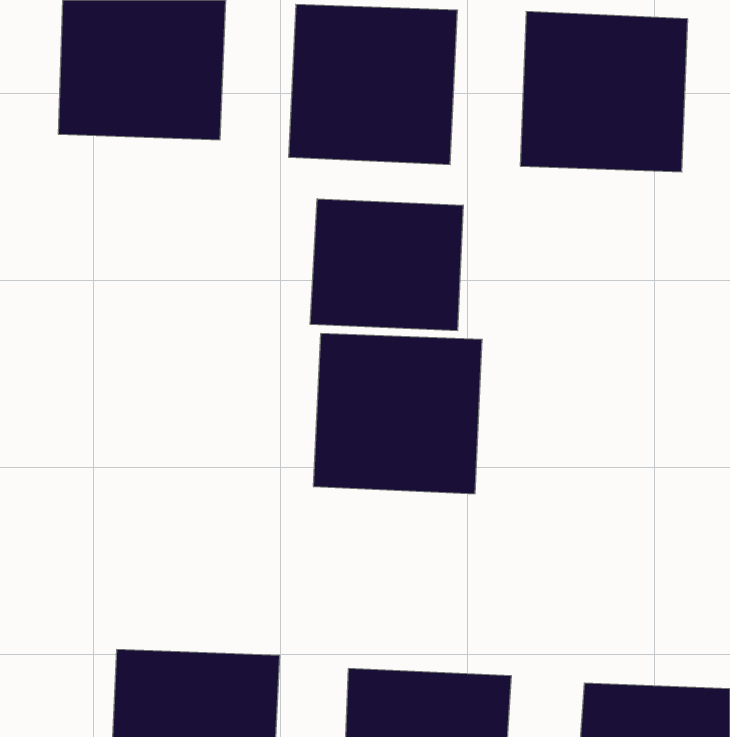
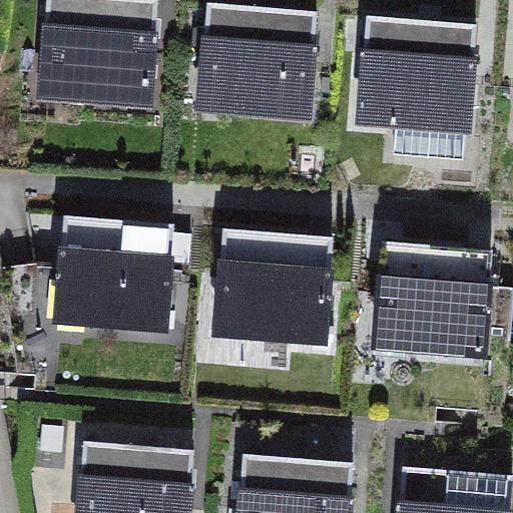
building: [310,199,463,331] -> none
building: none -> [56,218,172,329]
building: none -> [377,246,493,358]

